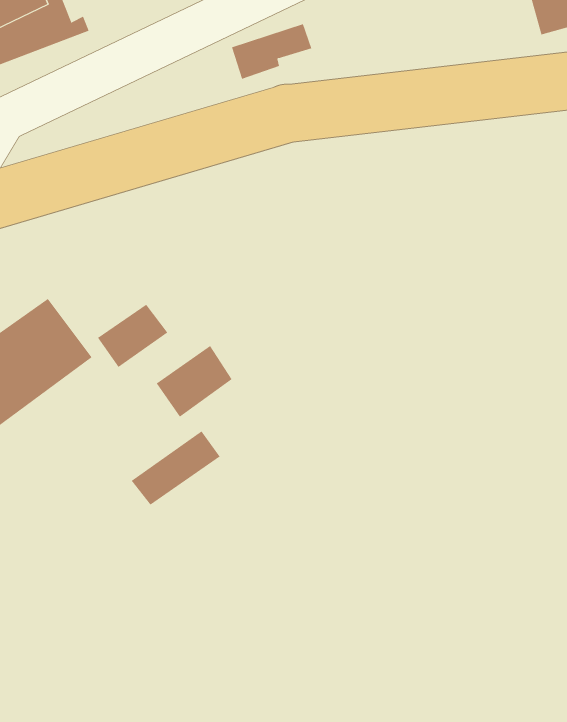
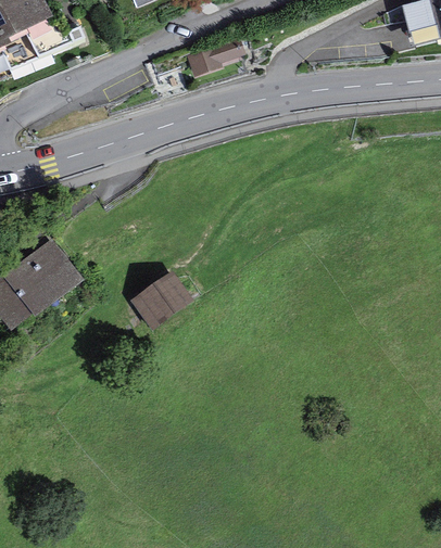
building: [97,304,168,368] -> none
building: [131,430,221,505] -> none

